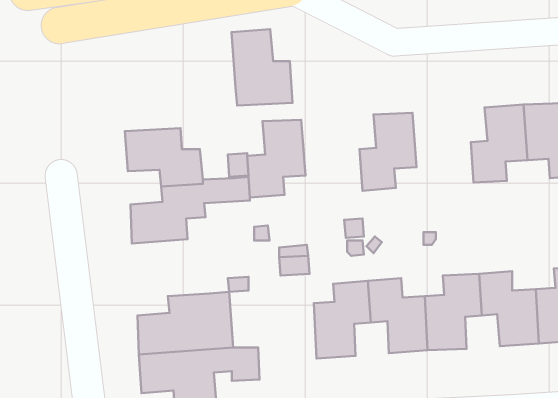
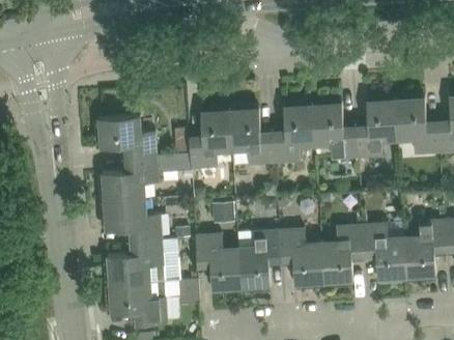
building: [231,29,293,106] -> [229,109,275,166]
building: none -> [312,104,358,160]
building: none -> [103,200,161,243]
building: none -> [195,235,240,290]

